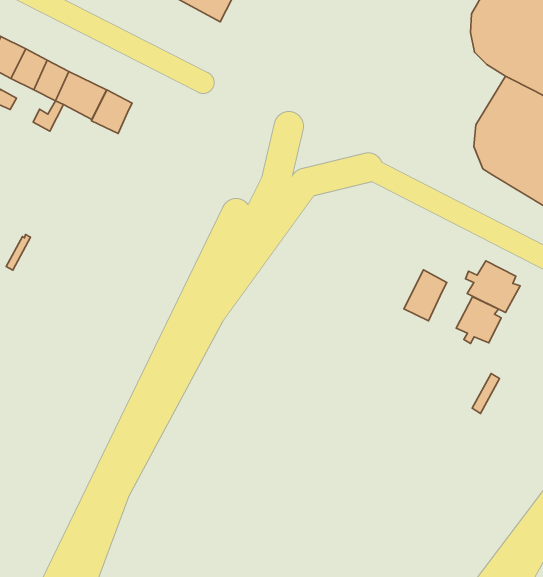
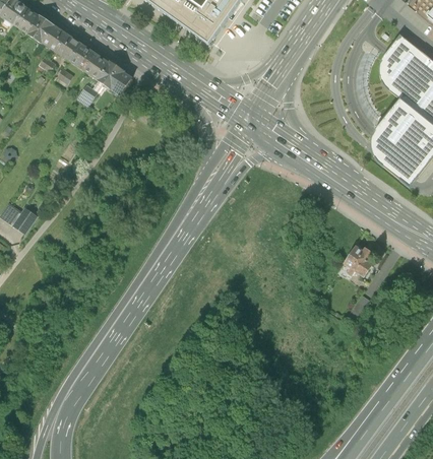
building: [92,90,132,133] -> none
building: [465,261,520,312] -> none
building: [404,270,447,321] -> none

